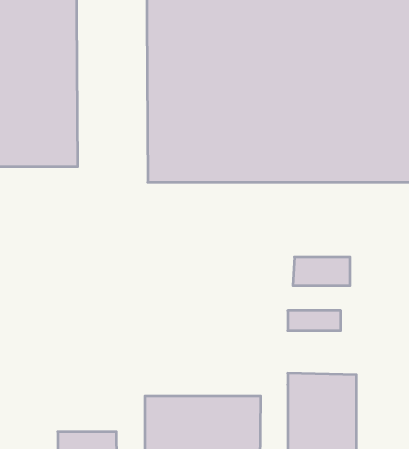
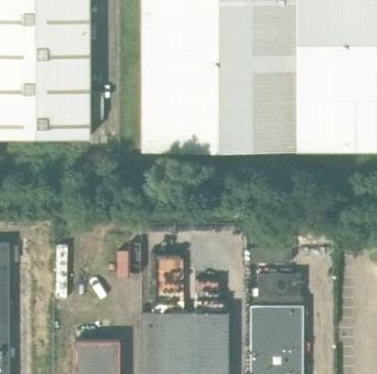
building: [293,257,350,286] -> [257,273,301,295]

